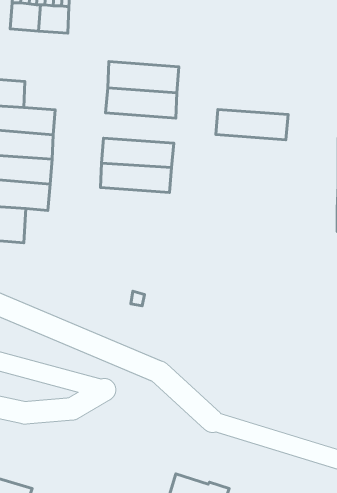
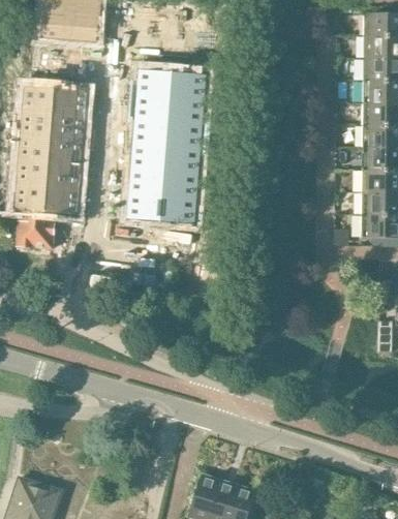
building: none -> [52,89,85,117]
building: [216,109,288,140] -> [130,120,202,150]
building: none -> [125,193,195,224]

